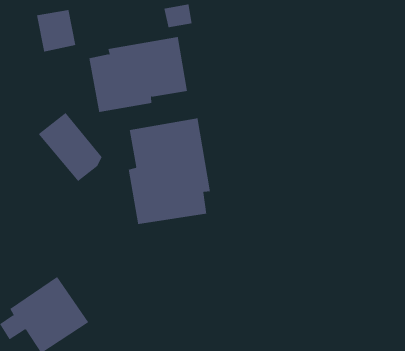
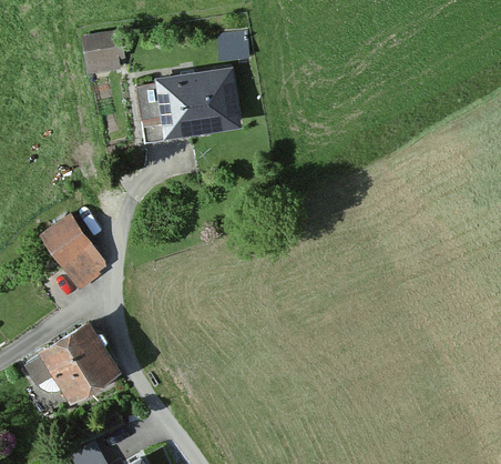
building: [38,112,102,182] -> [38,214,105,290]
building: [128,118,211,225] -> none

